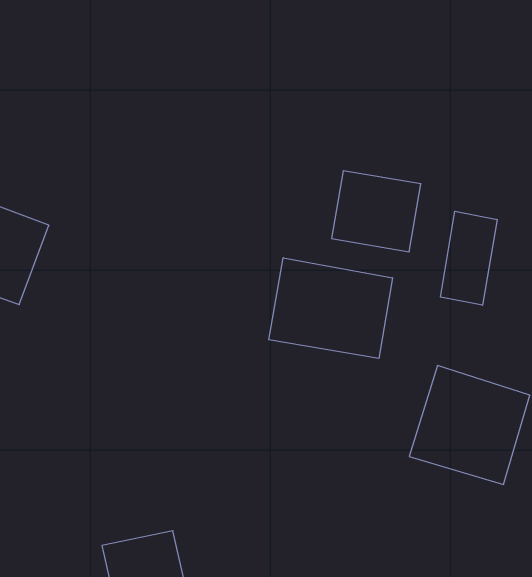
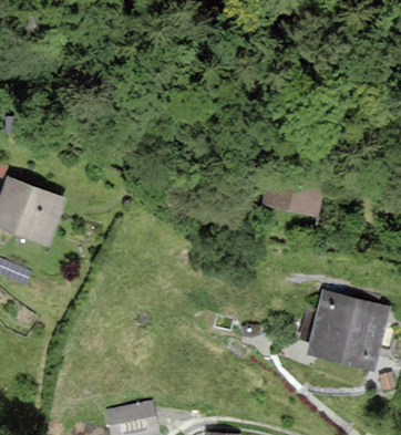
building: [440,211,497,305] -> none
building: [269,258,392,358] -> none

